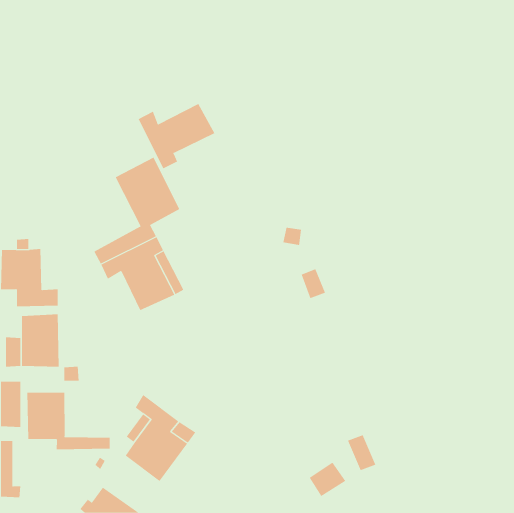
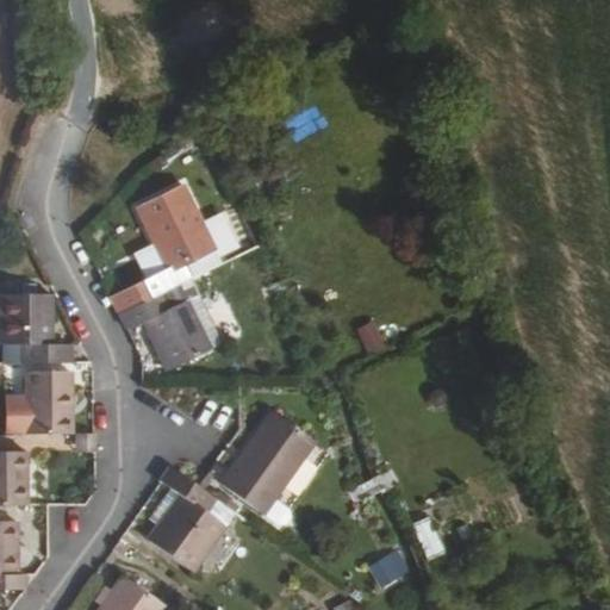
building: [138,103,215,169] -> none
building: none -> [220,413,315,515]
building: [27,392,110,450] -> none

